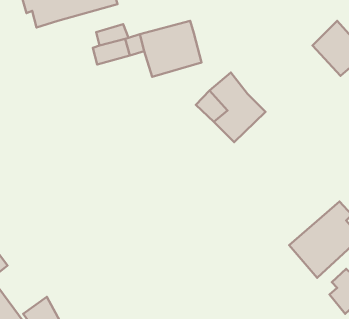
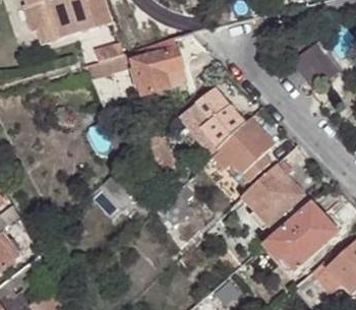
building: none -> [218,121,270,179]
building: none -> [241,165,304,228]

